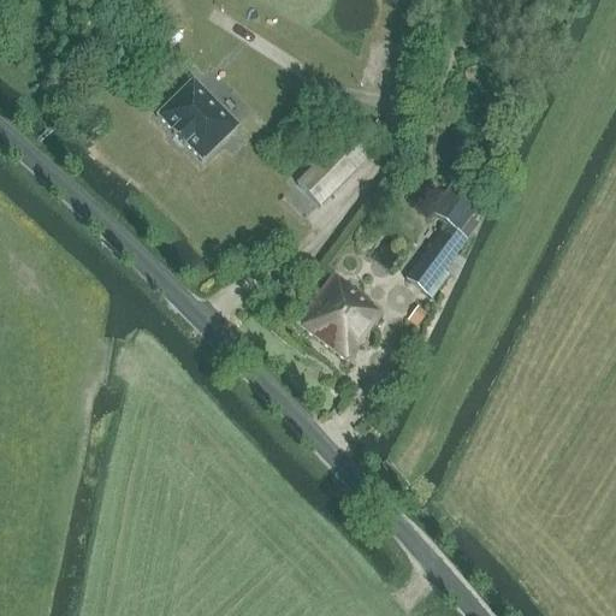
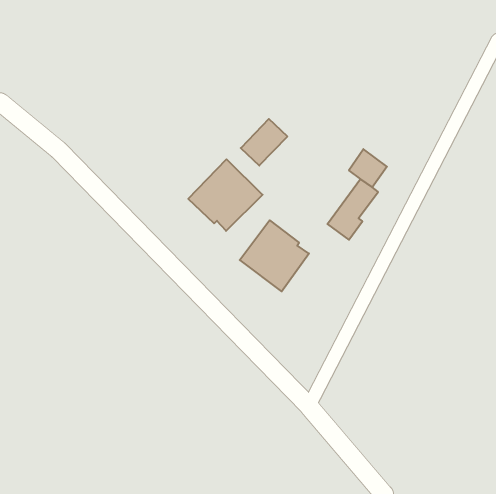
building: [159,77,239,158] -> none
building: none -> [188,159,263,231]

